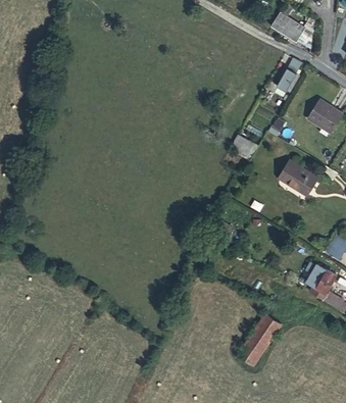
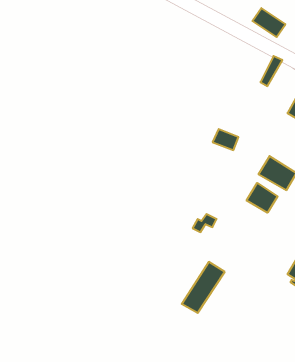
building: none -> [247,183,278,213]
building: [237,312,281,364] -> [182,262,225,313]

